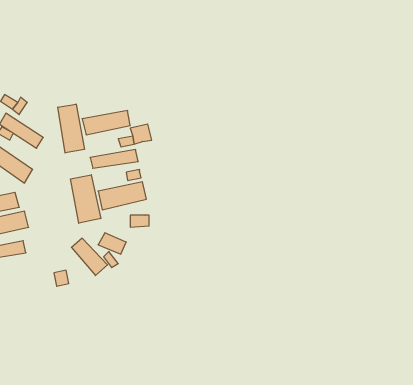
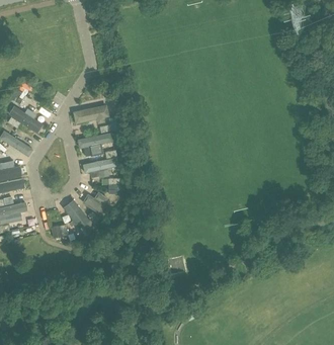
building: [58,104,84,153] -> none
building: [71,175,101,223] -> none

